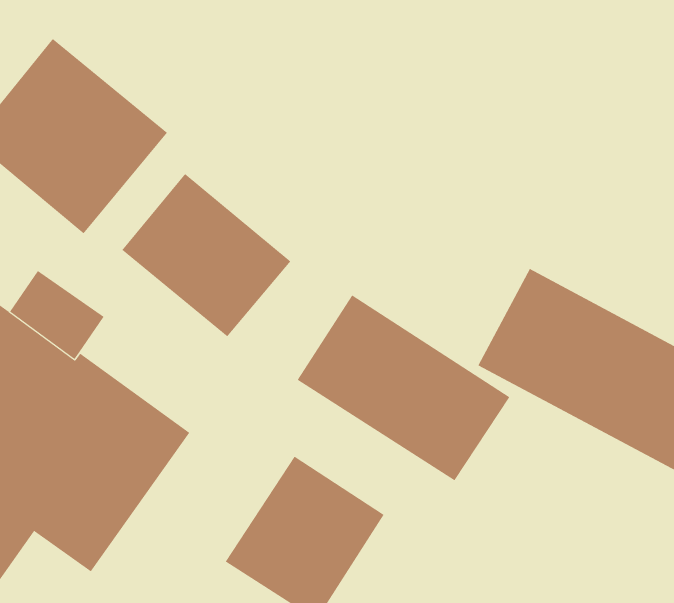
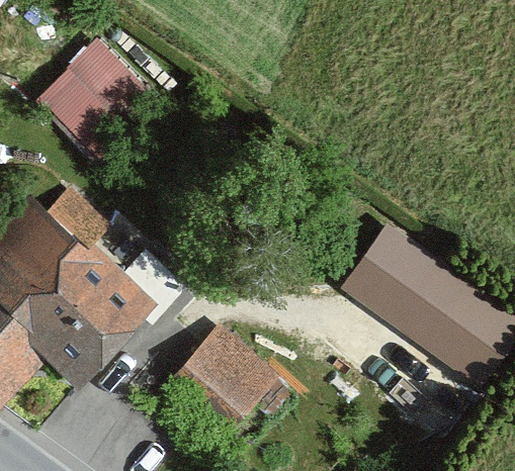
building: [122,173,291,337] -> none
building: [297,294,510,481] -> none

